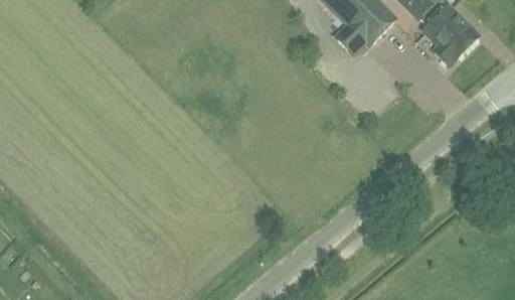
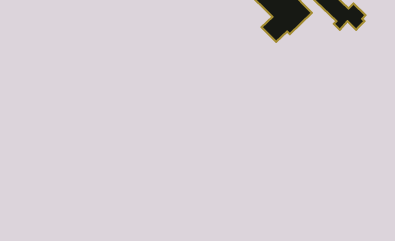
building: [428,19,476,65] -> none

